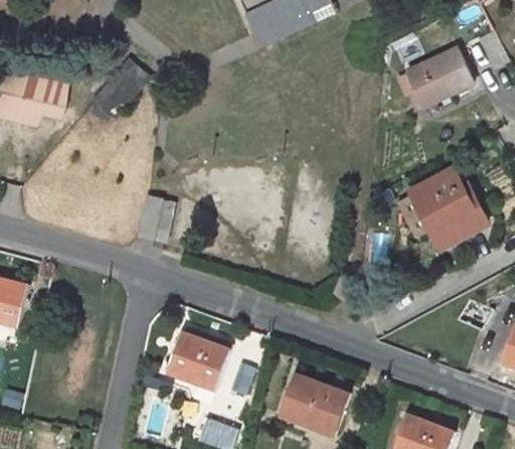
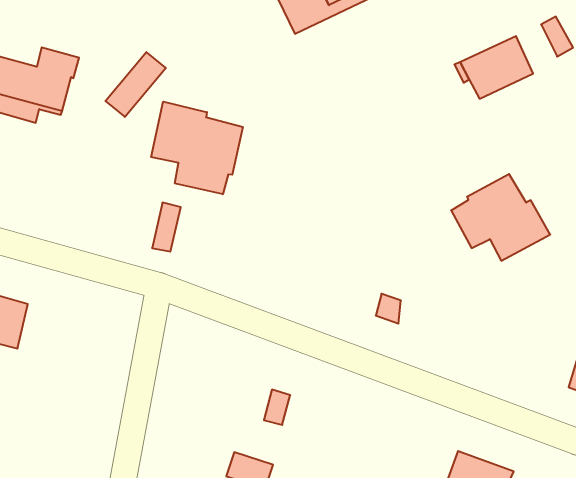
building: none -> [151,102,243,194]
building: [167,332,229,387] -> none
building: [281,375,349,431] -> none

